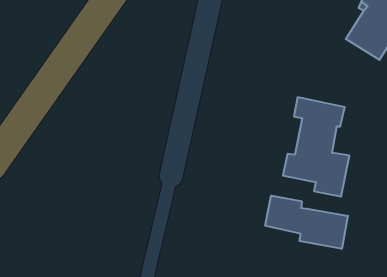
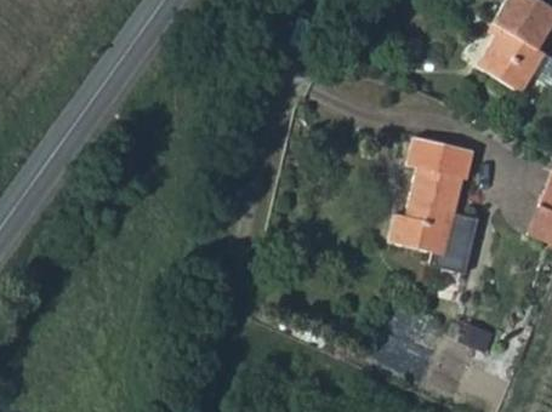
building: [265,196,348,249] -> none

